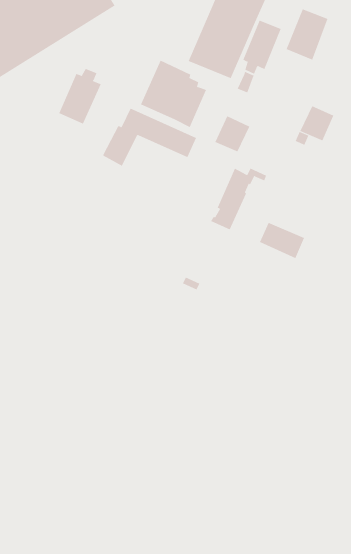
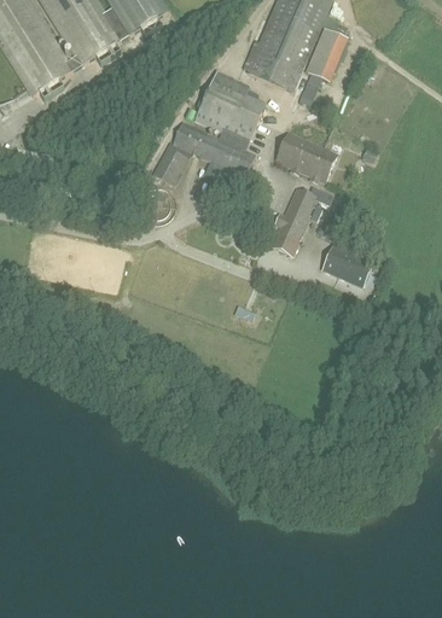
building: [286,9,328,61] -> none
building: [59,68,102,125] -> none
building: [300,106,334,141] -> [299,142,337,181]

